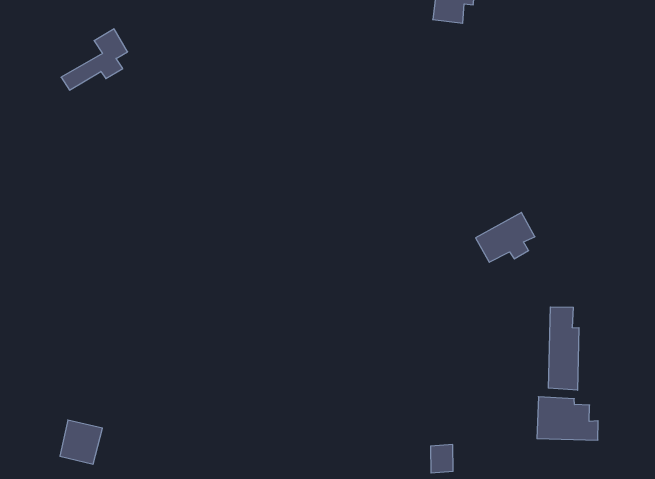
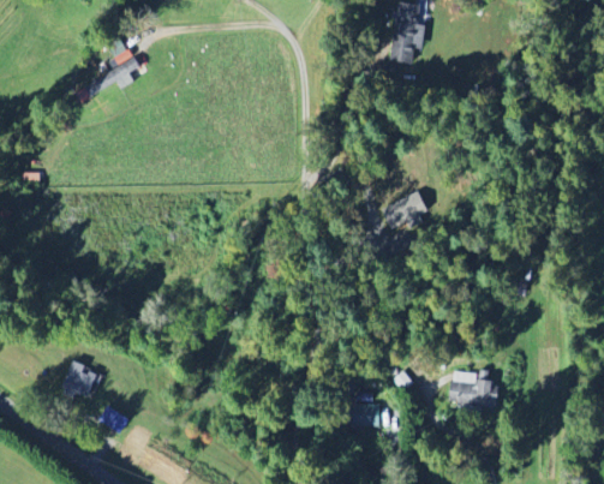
building: [476,212,535,262] -> [381,190,429,228]
building: [548,307,579,390] -> none

